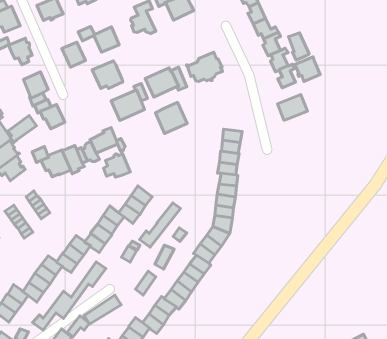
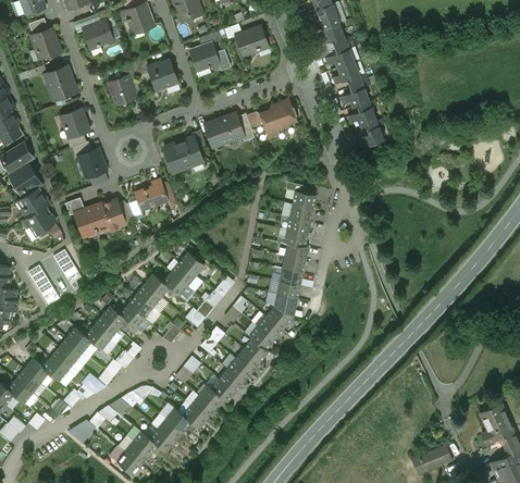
building: [289,33,309,60] -> none
building: [295,57,320,81] -> none
building: [92,61,123,89] -> none
building: [278,95,308,120] -> none
building: [155,102,187,134] -> none
building: [8,116,37,142] -> none
building: [103,153,130,177] -> none

